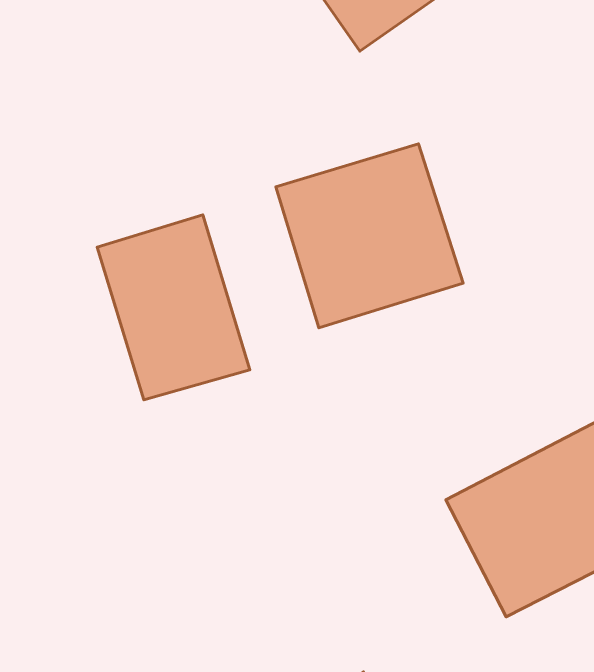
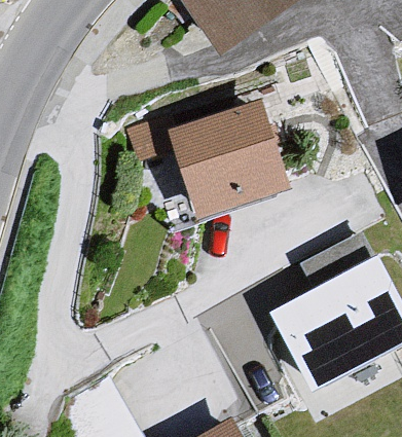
building: [97,215,250,400] -> none

